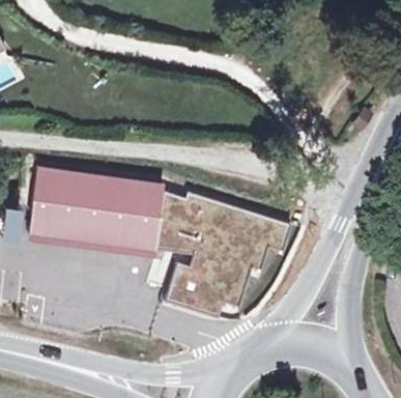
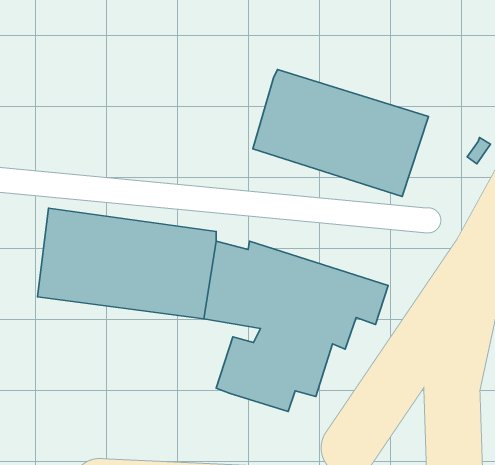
building: none -> [253,69,429,197]

